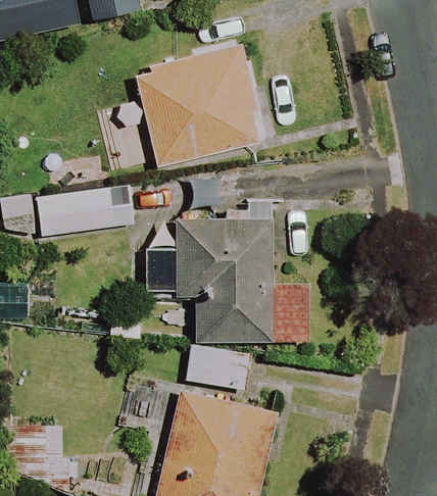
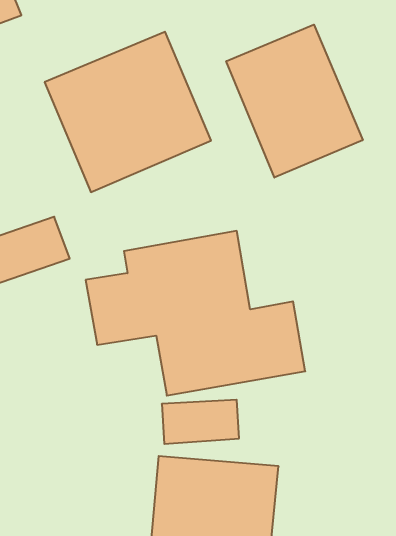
building: none -> [226,25,363,178]

